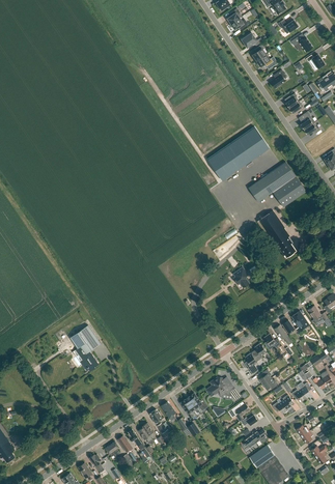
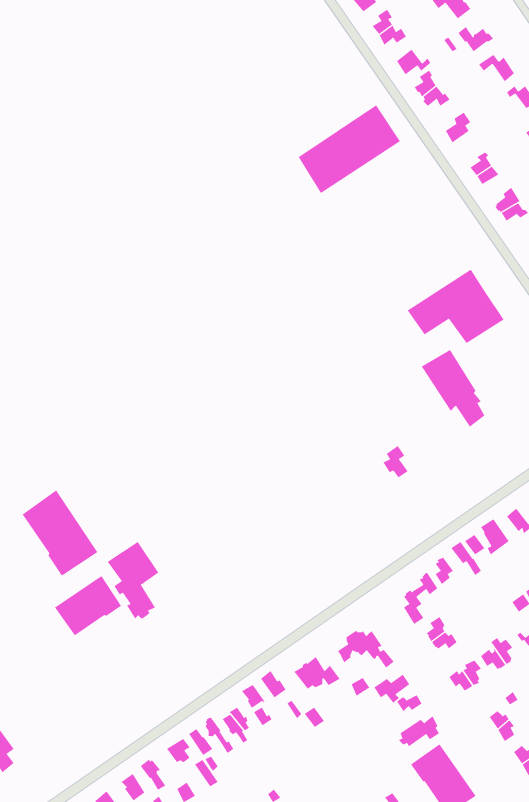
building: [210,126,271,179] -> [298,105,401,194]
building: none -> [22,489,98,577]
building: none -> [54,575,122,636]

